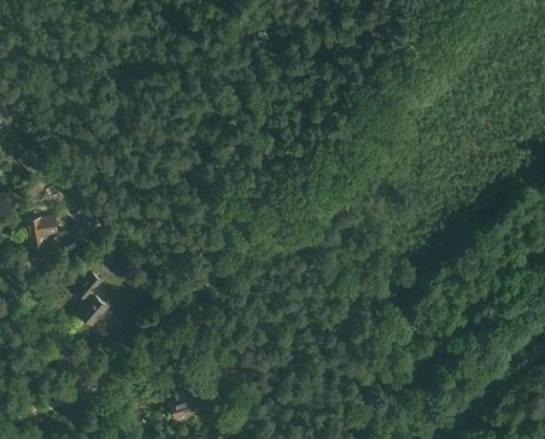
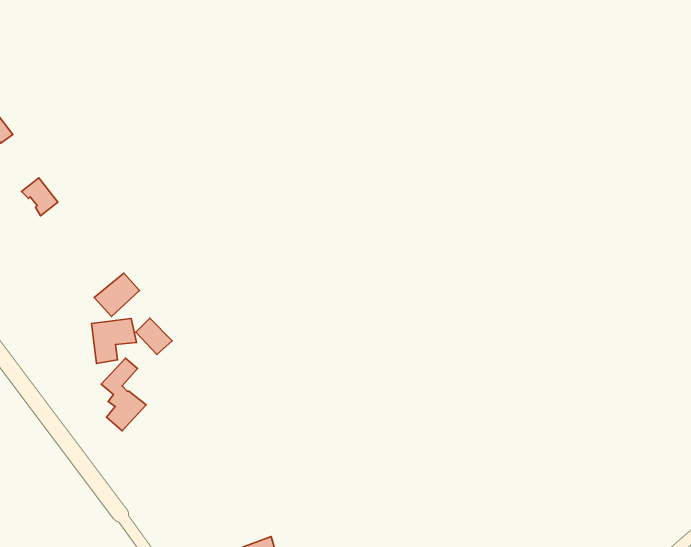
building: [28,217,59,248] -> [91,318,136,363]

